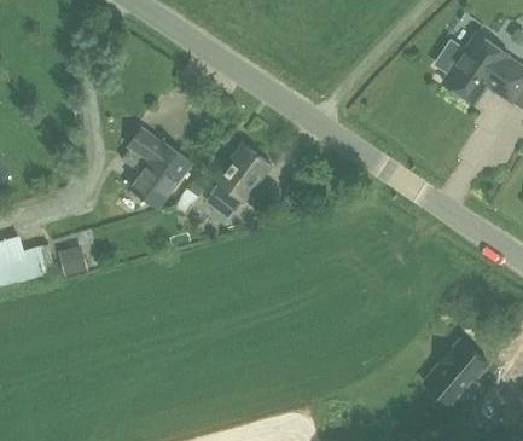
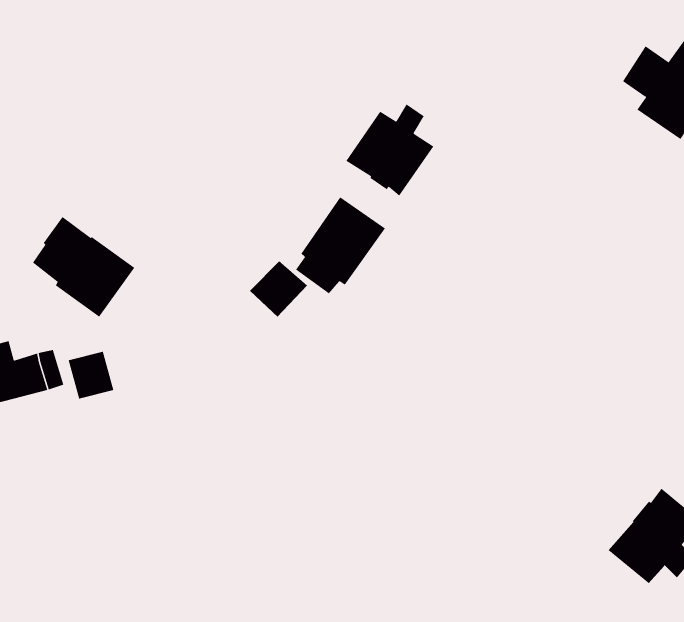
building: none -> [345,103,434,196]
building: [122,128,192,197] -> [32,216,135,317]

